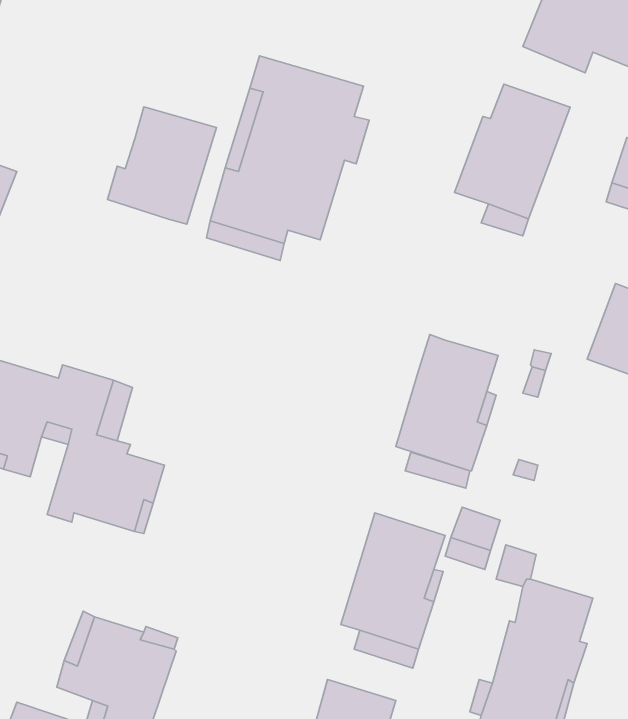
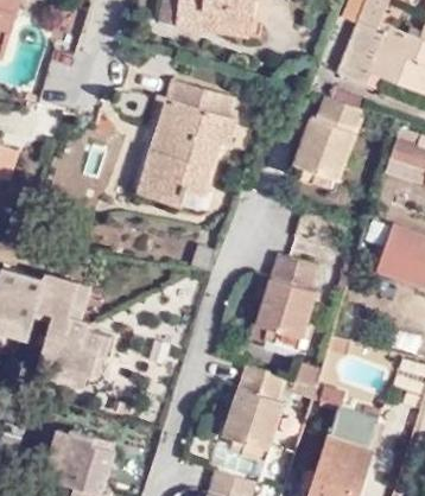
building: [107,107,216,224] -> none

